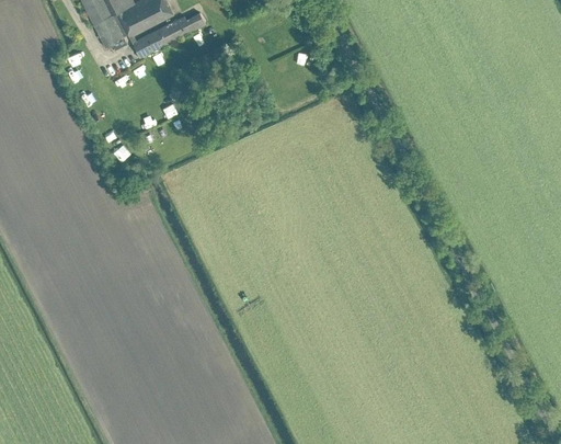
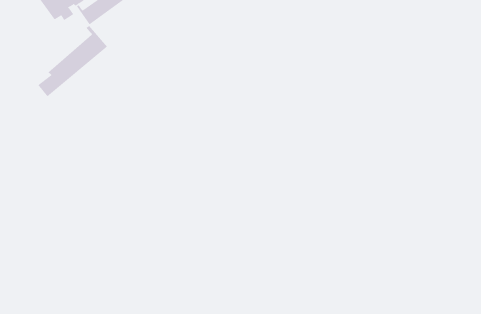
building: none -> [38,25,108,97]

